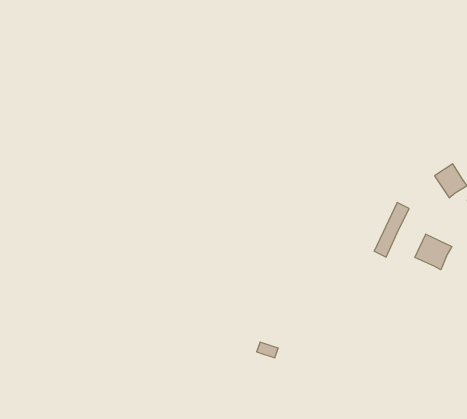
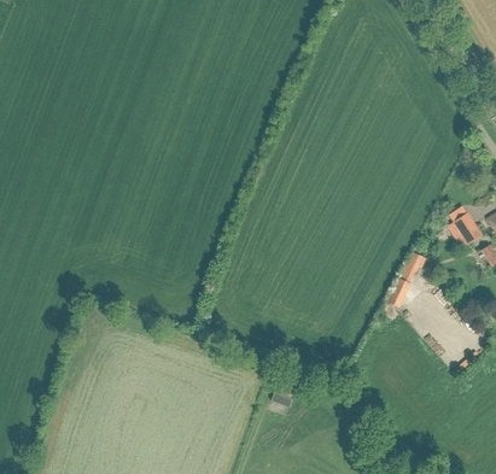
building: [415,234,452,270] -> none

